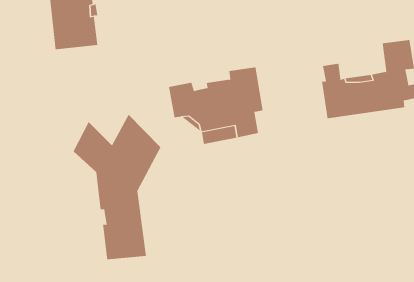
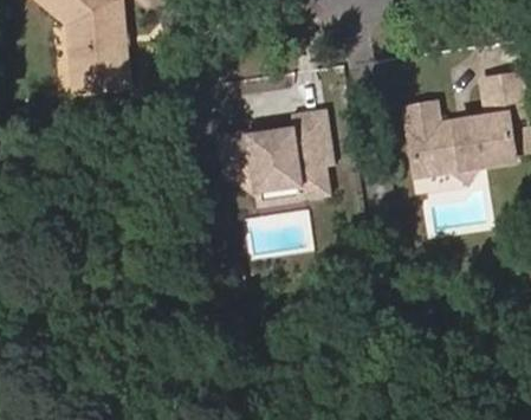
building: [73,114,161,260] -> none

